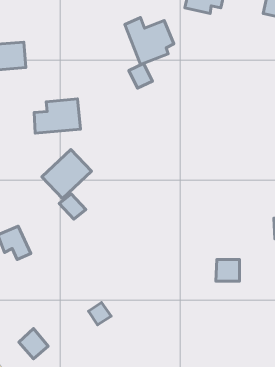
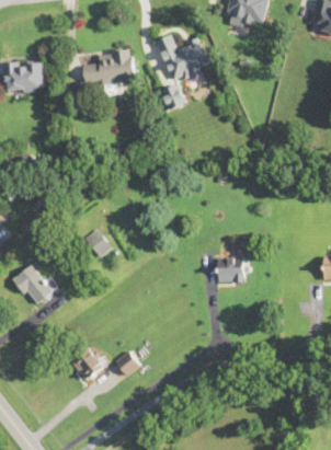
building: [34,99,80,133] -> [83,49,135,88]
building: [42,149,92,199] -> none
building: [216,260,239,281] -> [217,258,243,282]
building: [19,329,48,359] -> [70,347,103,381]

